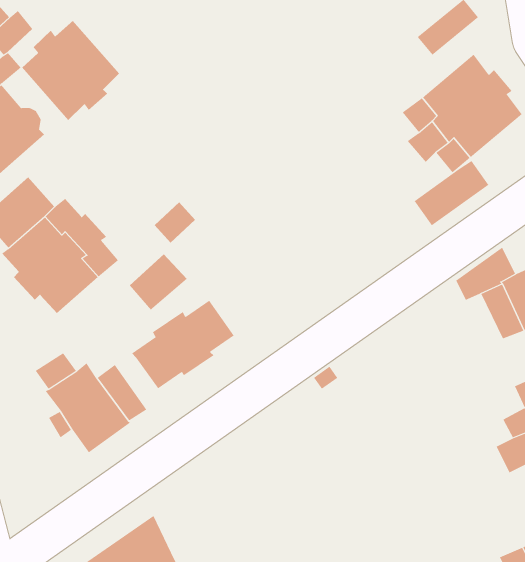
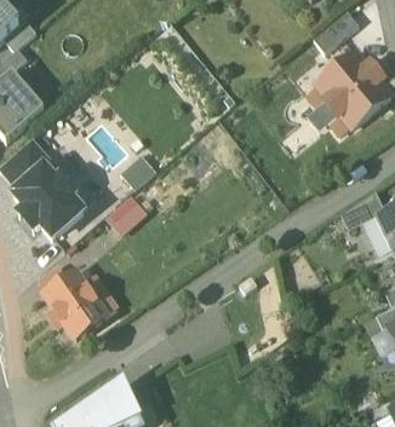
building: [21,20,120,121] -> none
building: [414,160,489,226] -> none
building: [131,300,235,389] -> none

